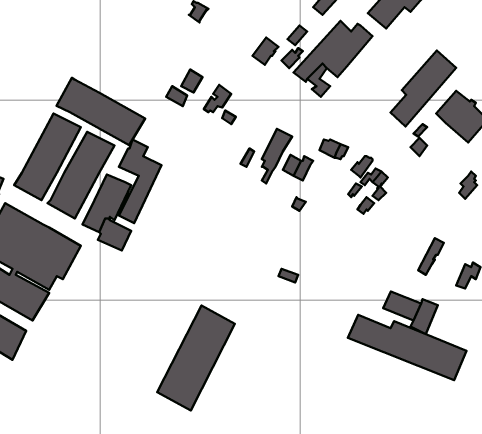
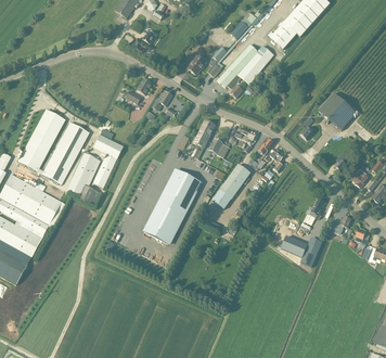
building: [390,50,456,126] -> none
building: [57,78,145,145] -> none
building: none -> [211,164,250,209]
building: [157,306,235,410] -> [144,169,200,244]
building: [348,315,467,380] -> none

